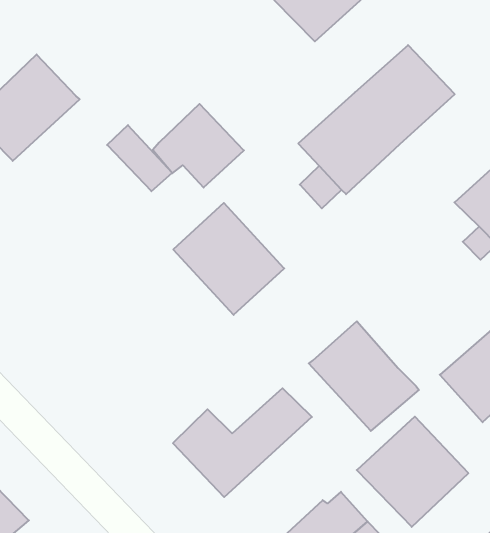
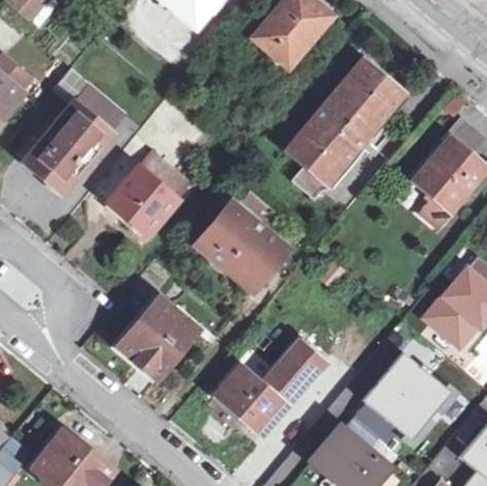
building: none -> [53,72,122,134]
building: [153,104,244,188] -> [104,169,175,234]
building: none -> [120,299,198,377]
building: [309,321,419,431] -> none

